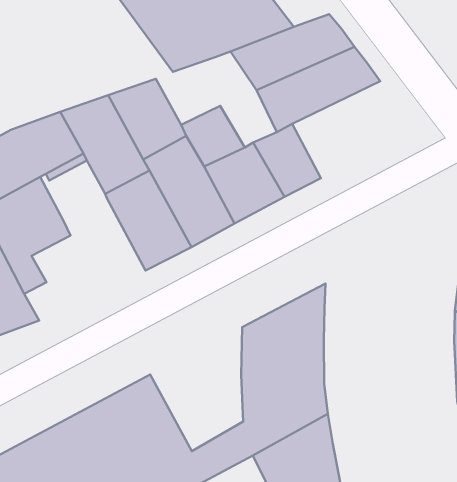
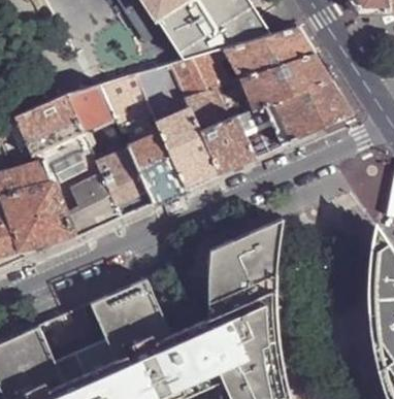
building: none -> [170,55,228,101]
building: none -> [265,80,354,146]
building: none -> [65,149,153,237]

